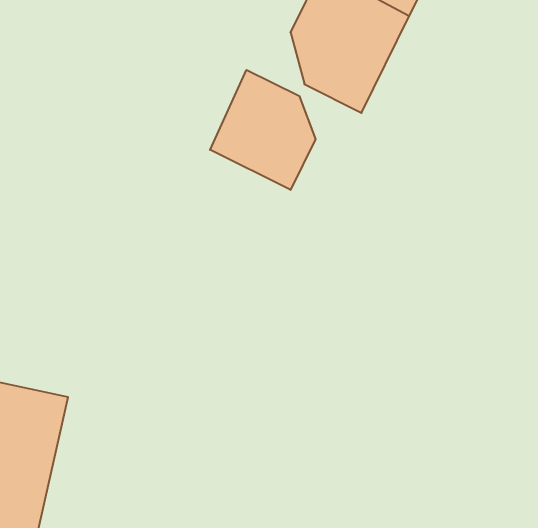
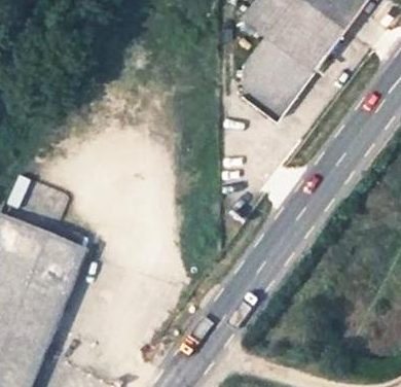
building: [210,70,315,190] -> none

